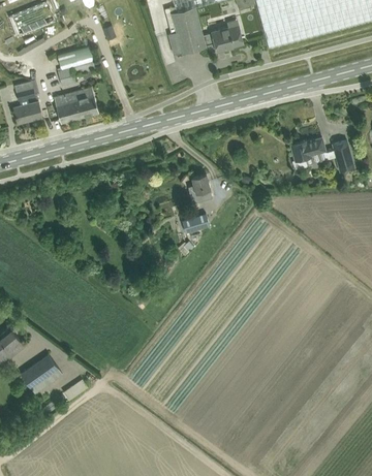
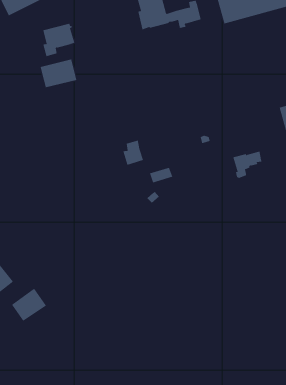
building: [12,81,41,123] -> none
building: [289,136,324,168] -> [233,151,263,178]
building: [187,172,212,202] -> [122,140,144,166]

